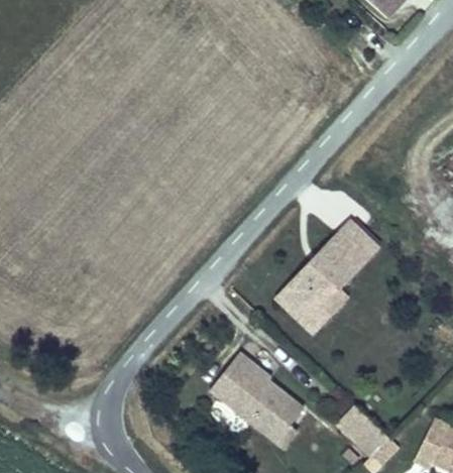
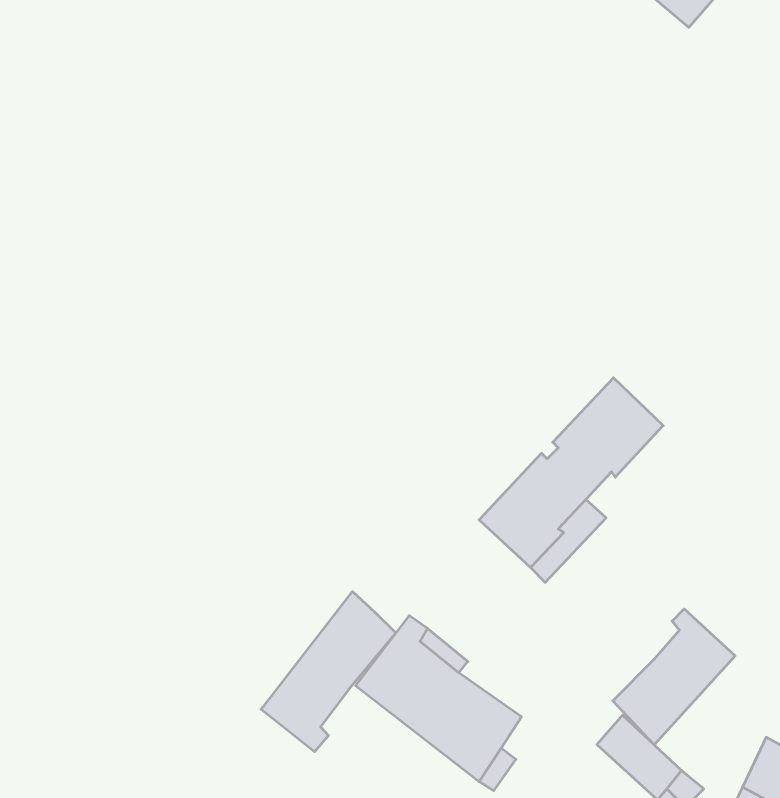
building: none -> [261,592,396,752]
building: none -> [613,609,735,745]

